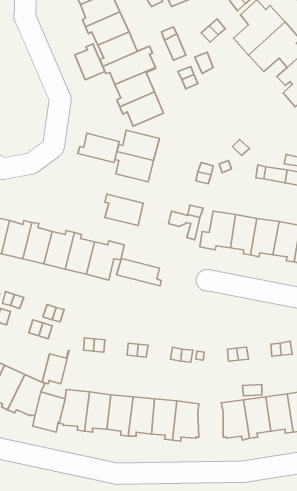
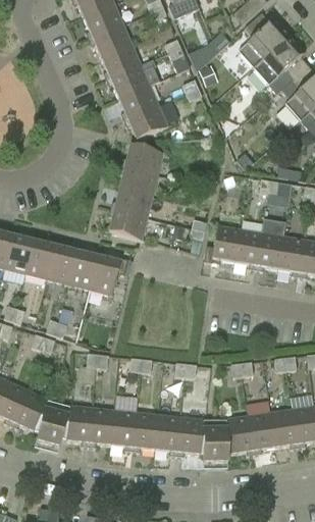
building: [75,44,105,80] -> none
building: [78,133,119,163] -> [110,188,152,217]
building: [116,258,161,286] -> none
building: [42,350,69,384] -> none
building: none -> [202,427,227,463]

